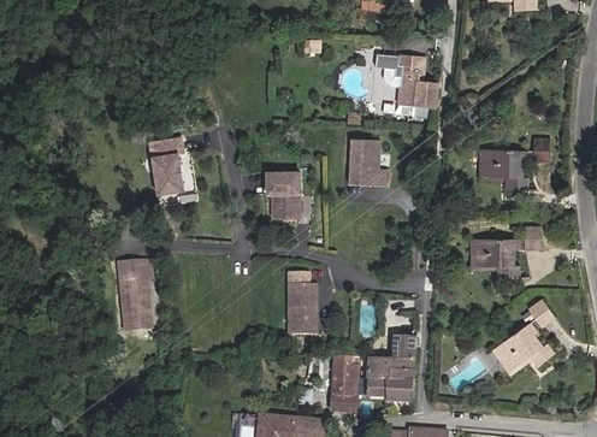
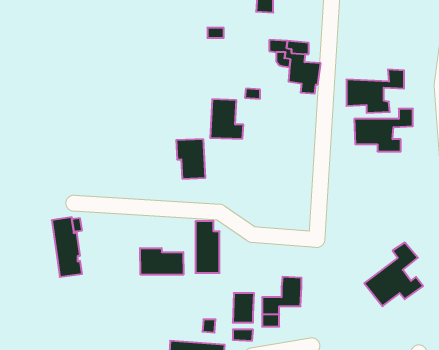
building: [351,140,391,187] -> [210,99,243,139]
building: [147,142,181,199] -> none
building: [468,226,537,278] -> [346,69,404,113]
building: none -> [140,248,183,275]
building: [388,371,413,400] -> none

